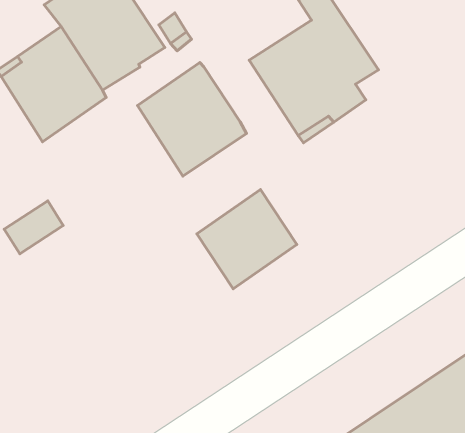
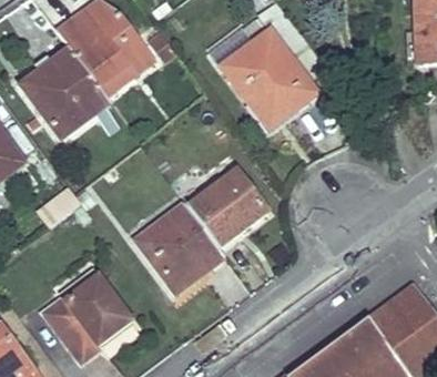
building: [138,62,246,176] -> [136,202,224,293]
building: none -> [43,269,131,364]

